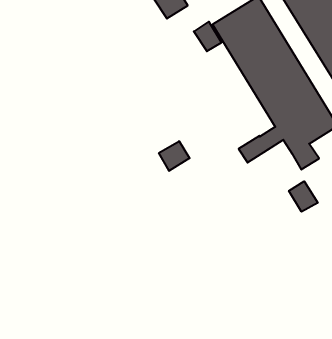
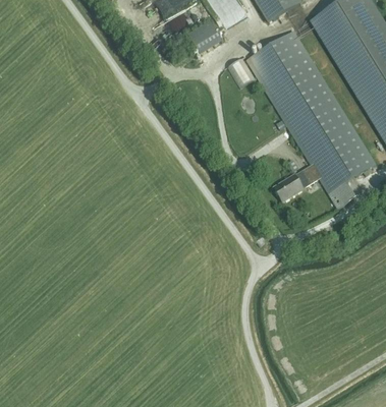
building: [159,141,190,171] -> none
building: [289,181,318,212] -> none

